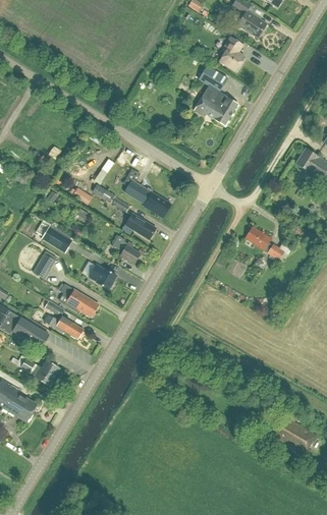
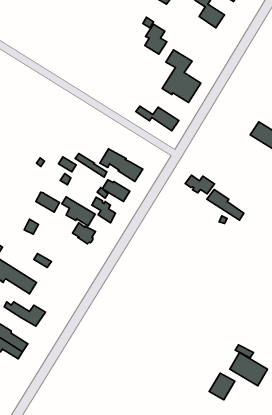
building: [219,37,244,71] -> [145,24,167,54]
building: none -> [136,106,179,131]
building: none -> [185,175,215,194]
building: [60,283,99,317] -> [62,197,95,226]
building: [47,316,83,338] -> none
building: none -> [209,373,235,400]

